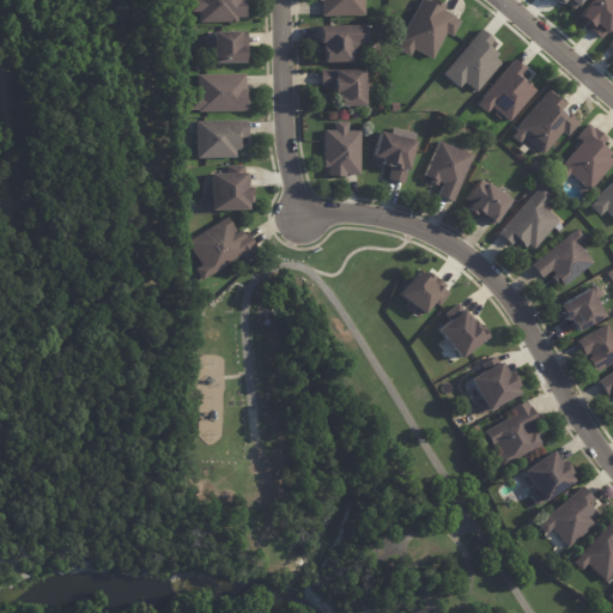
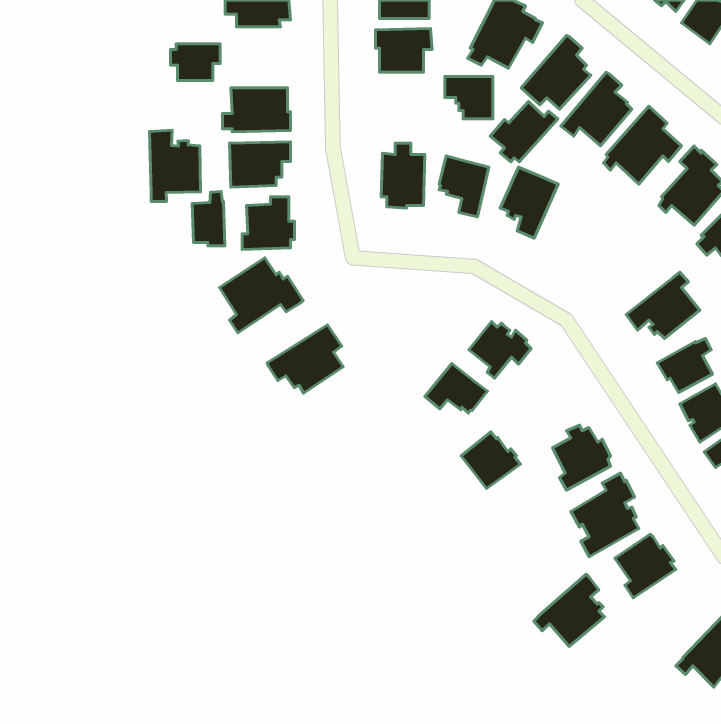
building: [206,31,248,62] -> [170,44,220,81]
building: [324,69,365,105] -> [445,76,493,119]
building: none -> [490,102,558,162]
building: none -> [150,130,201,202]
building: none -> [192,191,225,246]
building: [466,182,511,226] -> none
building: [498,186,560,249] -> none
building: none -> [267,325,343,393]
building: none -> [425,364,487,413]
building: [438,310,488,358] -> [461,432,521,488]
building: [538,486,597,547] -> [534,574,605,647]

